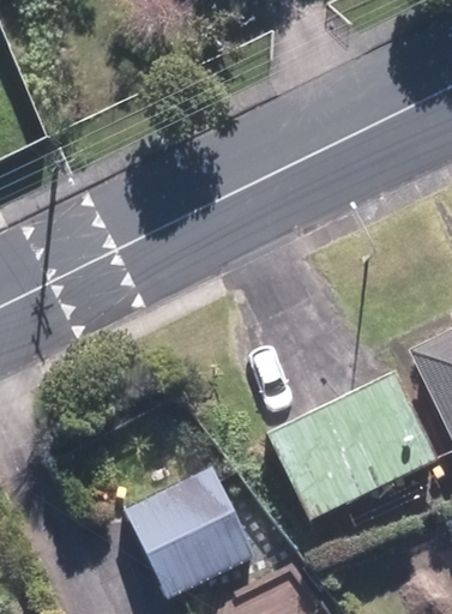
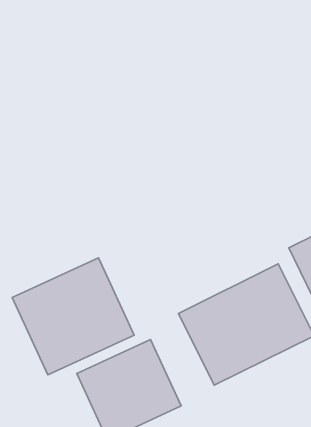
building: none -> [12,258,134,375]

